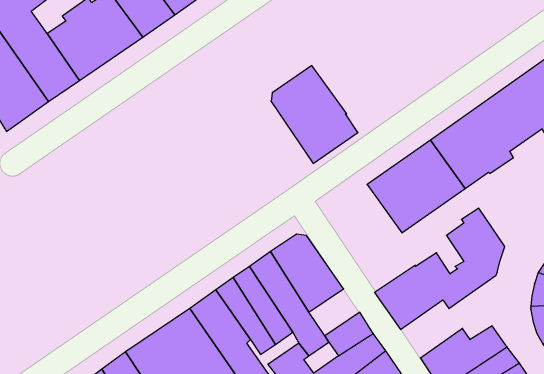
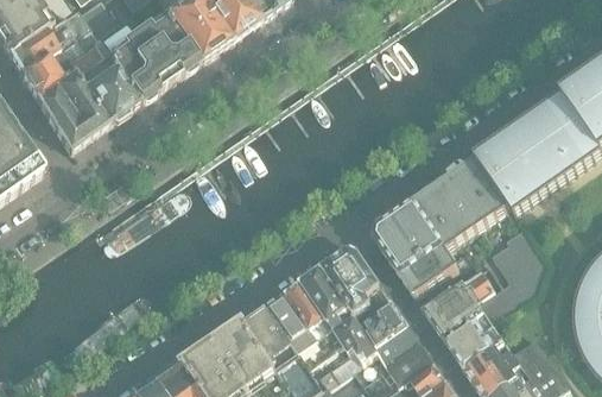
building: [271,66,358,163] -> [375,200,458,294]
building: none -> [359,300,407,345]
building: none -> [446,310,506,366]

